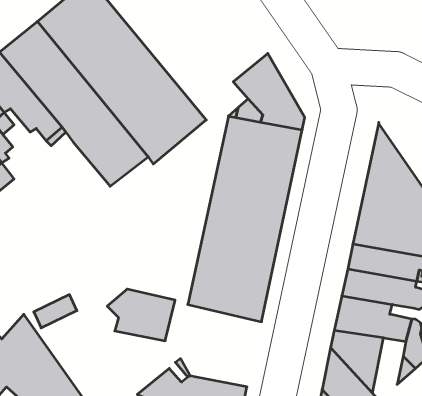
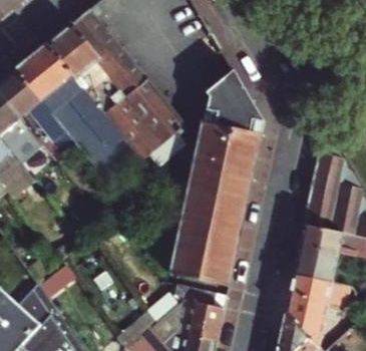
building: [107,289,175,341] -> [169,300,225,342]

